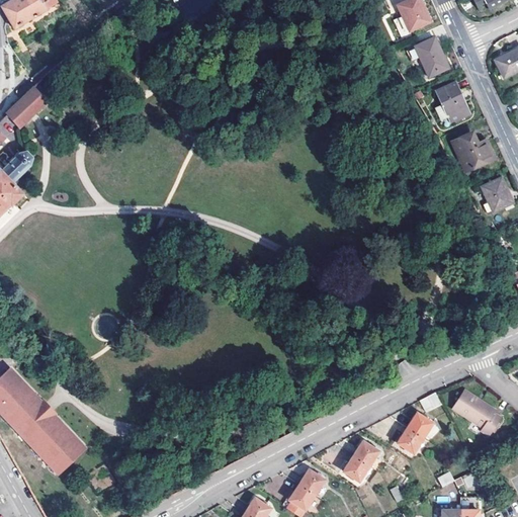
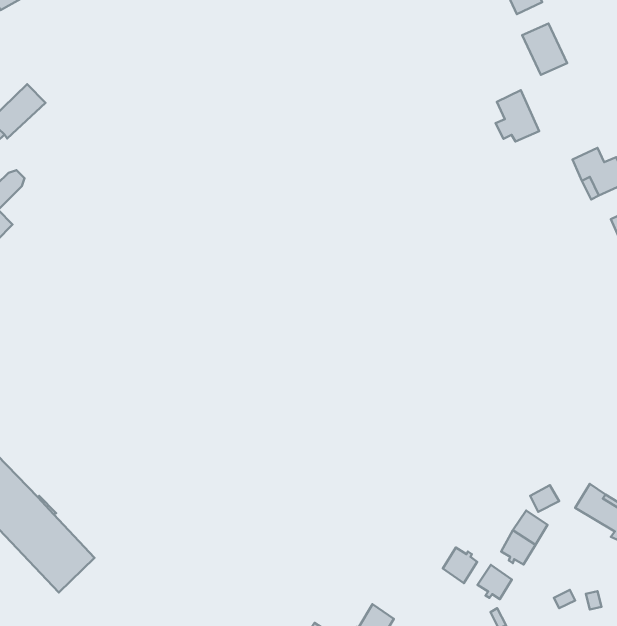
building: [435,83,468,122] -> [496,90,539,142]
building: [343,455,369,482] -> [477,565,512,599]
building: [299,467,326,494] -> none

